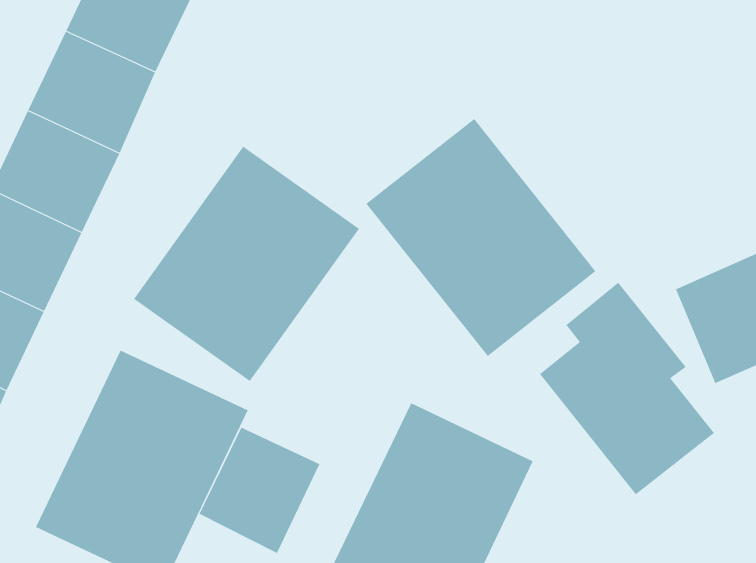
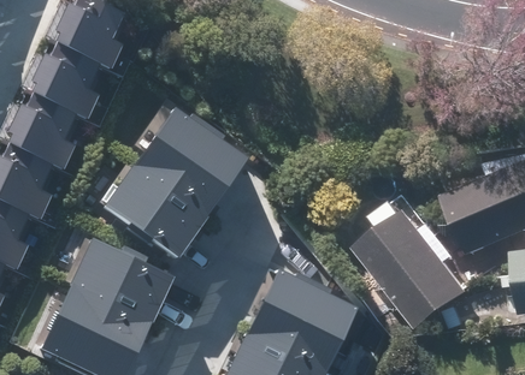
building: [366,118,596,357] -> none
building: [199,427,320,554] -> none

